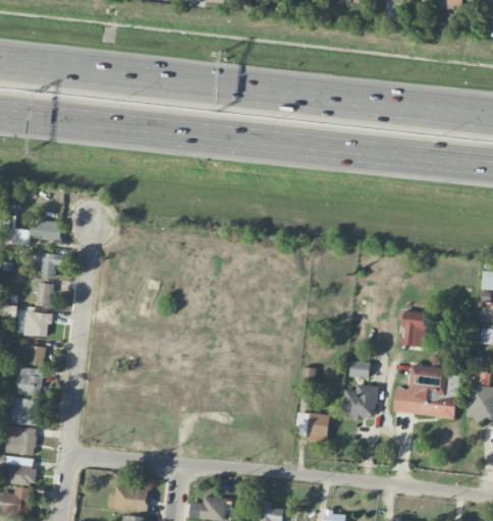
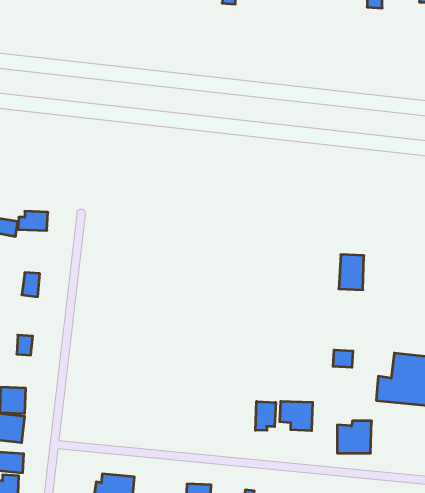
building: [35,253,62,277] -> none
building: [399,311,425,347] -> [339,255,364,290]
building: [23,312,52,337] -> none
building: [17,367,42,395] -> none
building: [342,386,377,418] -> [337,421,372,453]
building: none -> [255,401,276,430]

